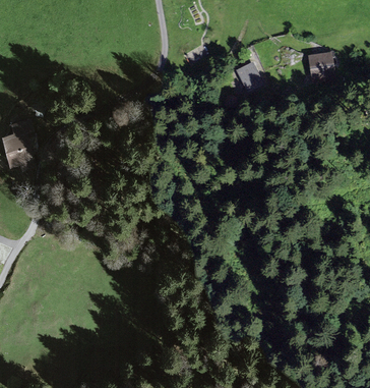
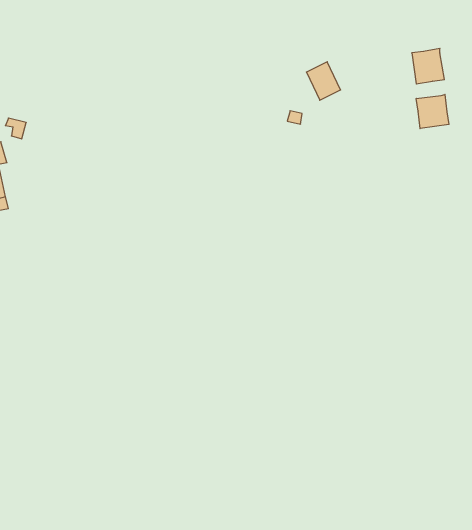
building: none -> [416,94,449,129]

